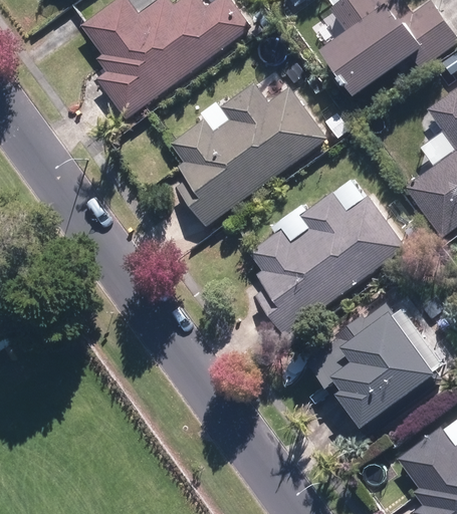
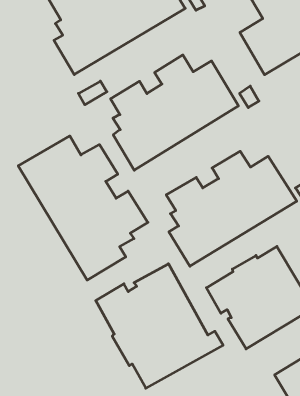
building: none -> [18,136,148,280]
building: none -> [96,264,223,388]

